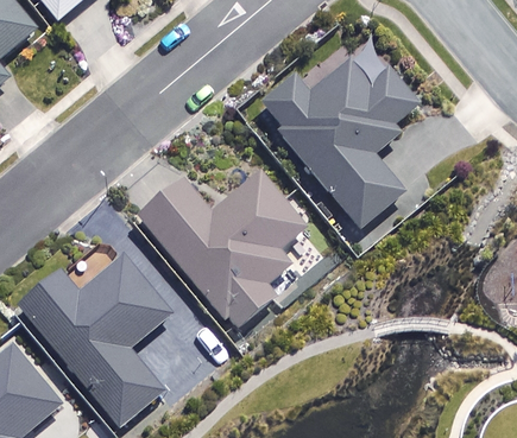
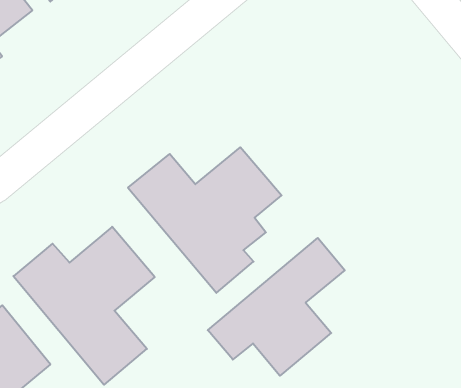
building: [261,63,420,228] -> none
building: none -> [208,238,345,376]

